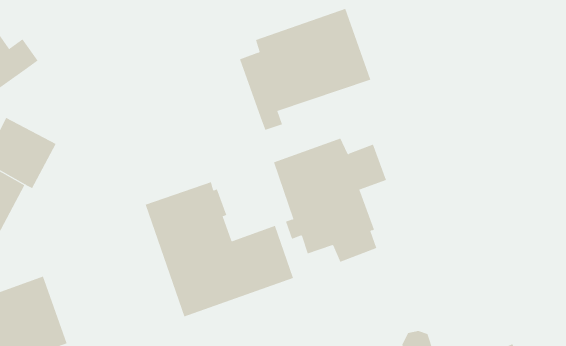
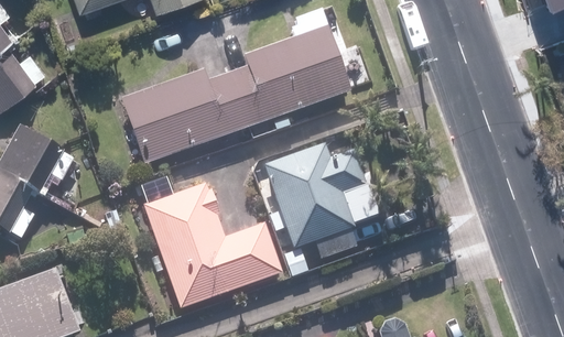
building: none -> [121,69,249,162]

